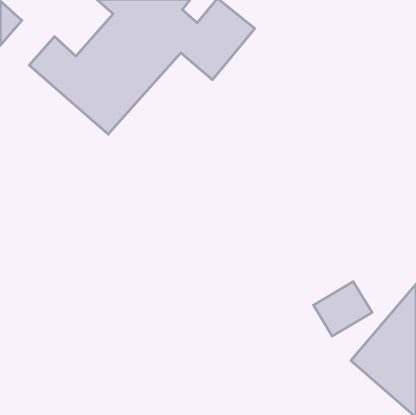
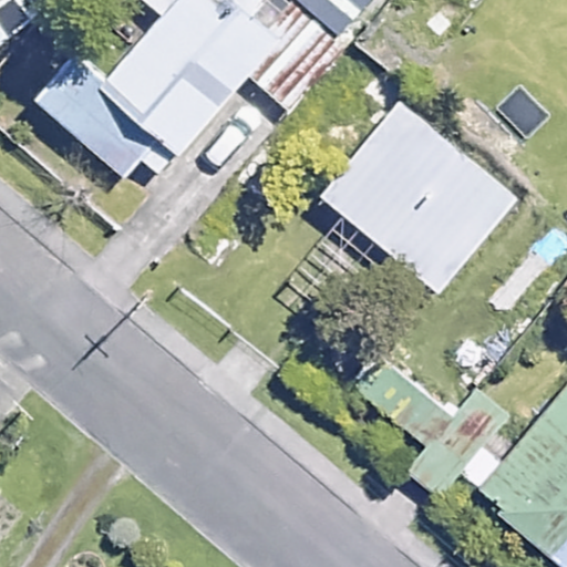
building: none -> [318,101,517,297]

